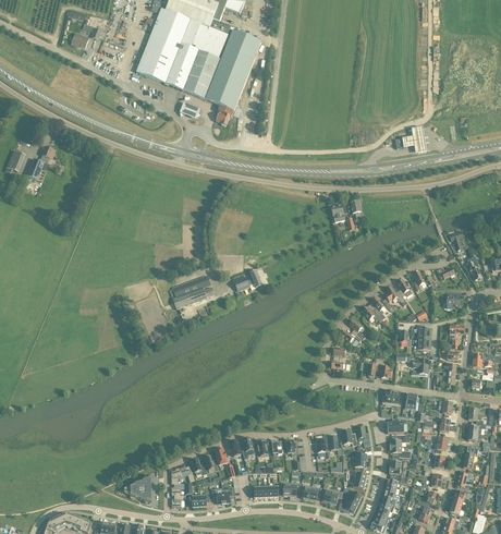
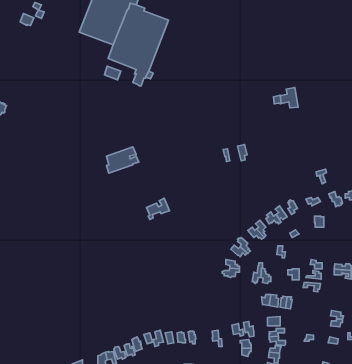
building: [139,56,190,89] -> none
building: [172,274,213,307] -> [106,147,139,173]

